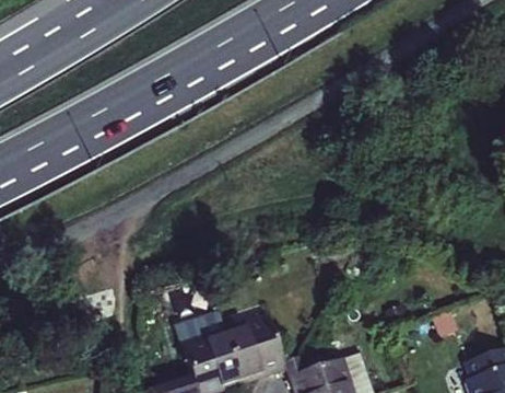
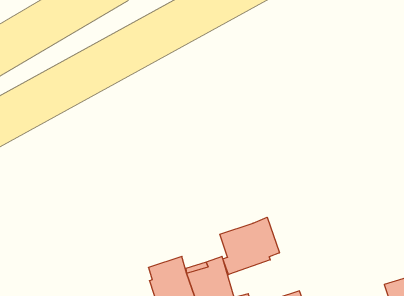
building: none -> [220,217,279,275]

